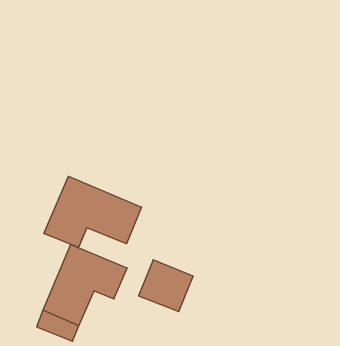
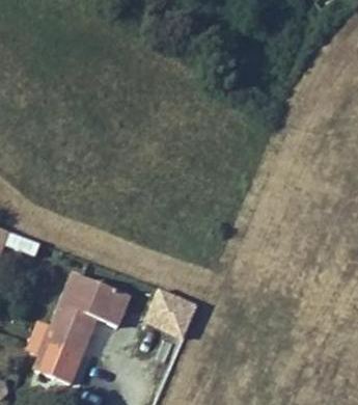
building: [44,176,142,248] -> none

